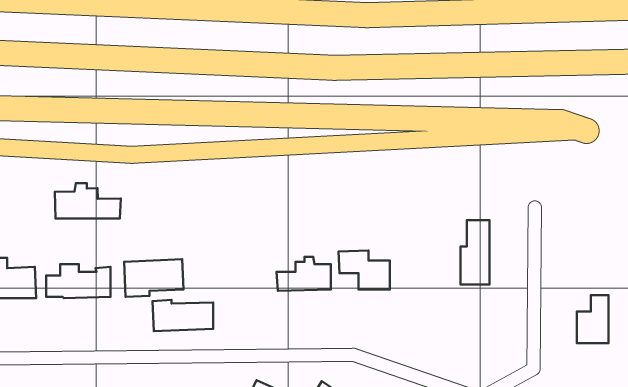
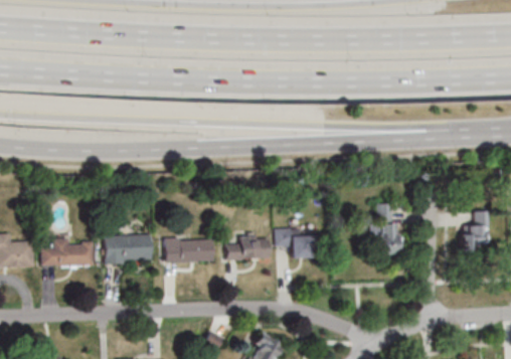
building: [55,183,121,219] -> none
building: [577,295,608,343] -> [465,211,490,249]
building: [153,300,213,331] -> [165,237,213,262]

